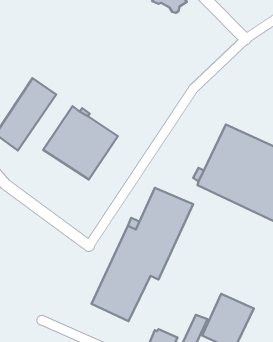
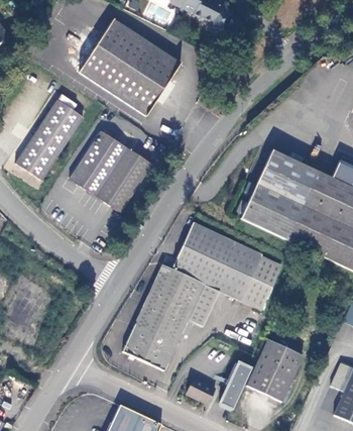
building: none -> [82,19,184,117]
building: none -> [198,239,283,325]

